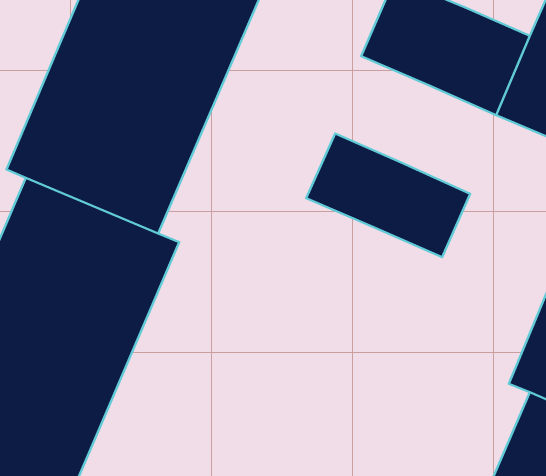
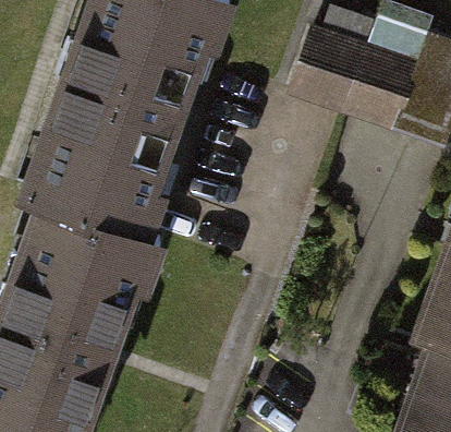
building: [306,134,470,257] -> none

